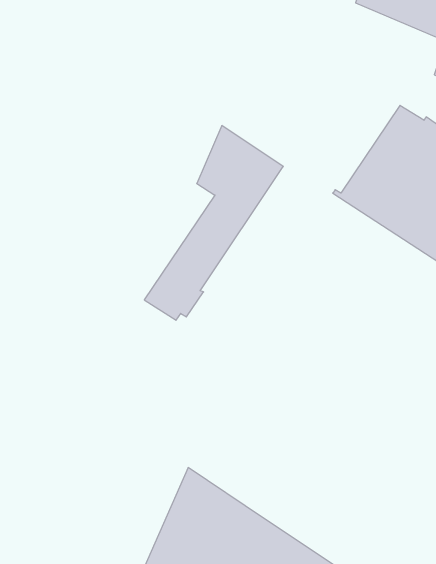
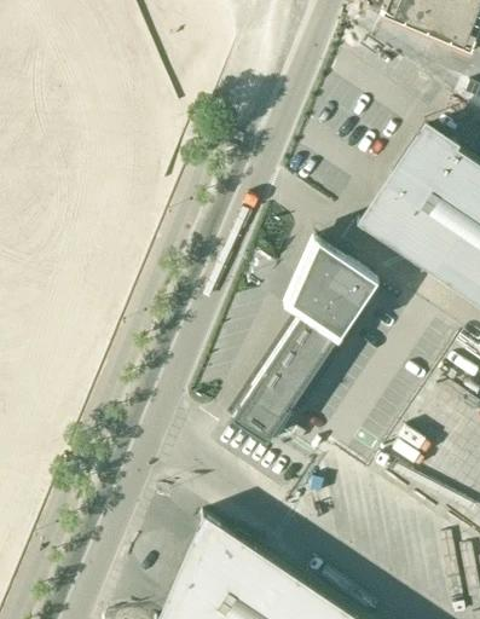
building: [144,126,283,320] -> [230,237,377,444]

